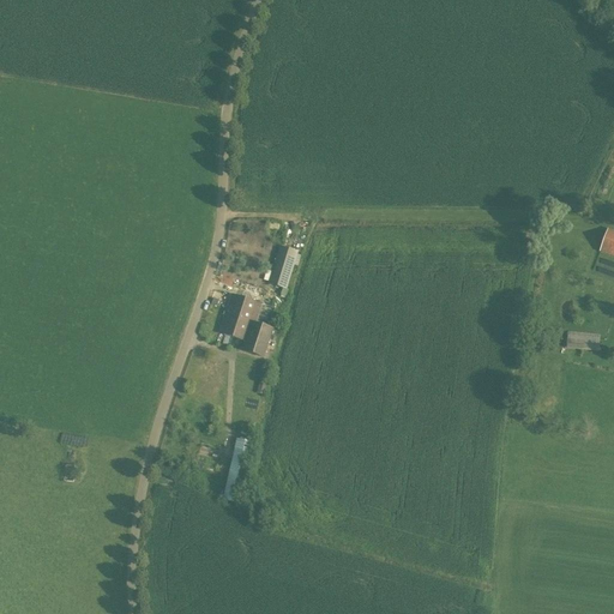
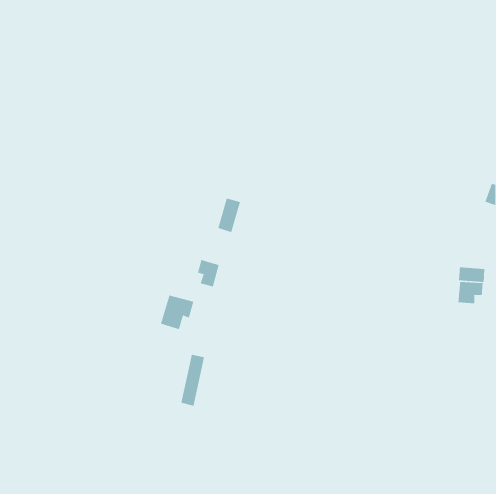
building: [219,294,261,337] -> [160,295,194,330]
building: none -> [458,281,483,304]

